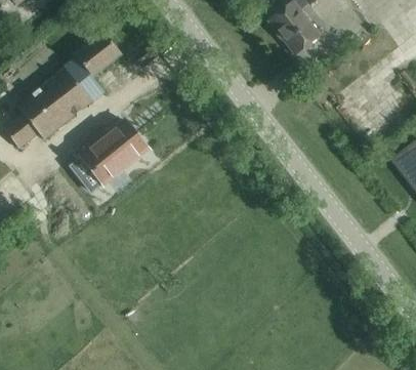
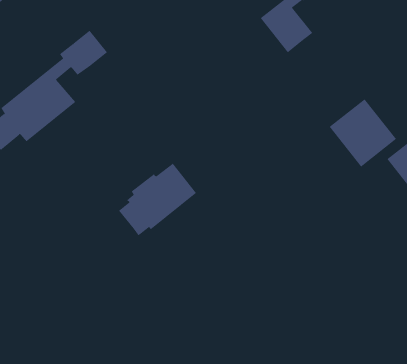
building: none -> [329,98,397,167]
building: [73,120,149,191] -> [118,163,197,236]

